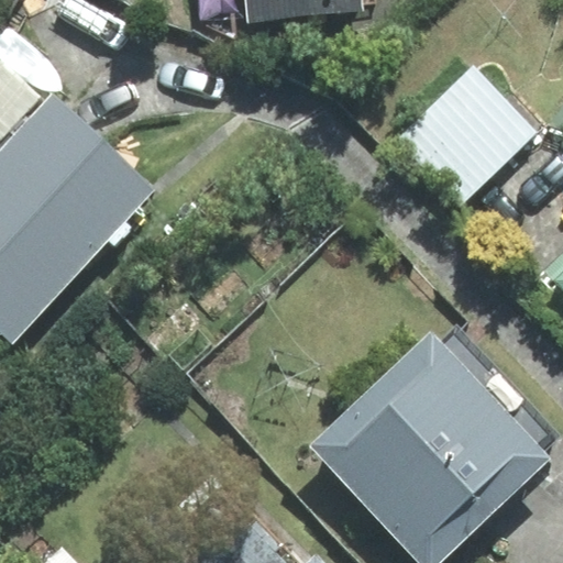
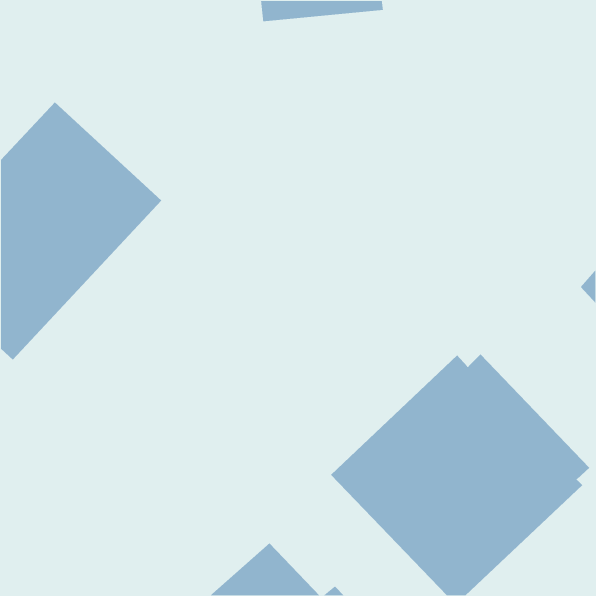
building: [390,67,537,211] -> none

